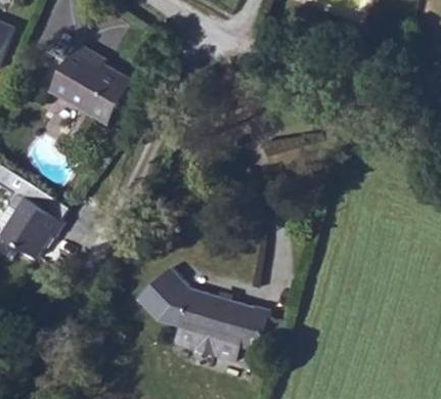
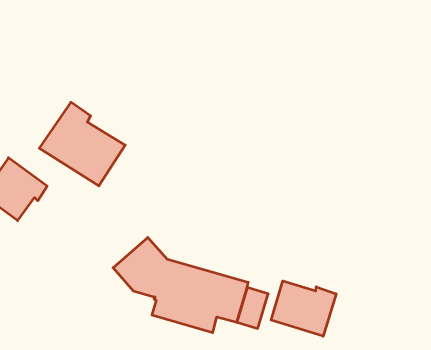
building: [46,39,130,121] -> [39,102,125,186]
building: none -> [271,281,336,336]

